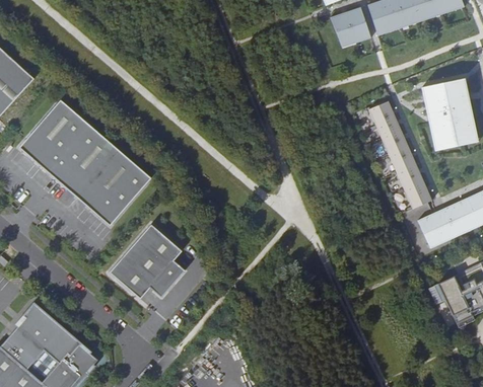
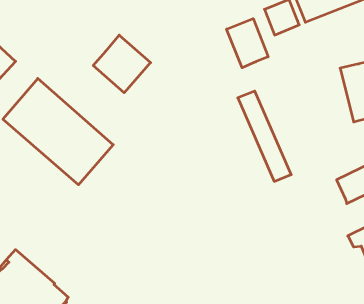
building: none -> [227,19,268,68]
building: none -> [93,35,151,93]
building: [369,102,433,210] -> [238,91,291,181]
building: [110,225,185,300] -> none

